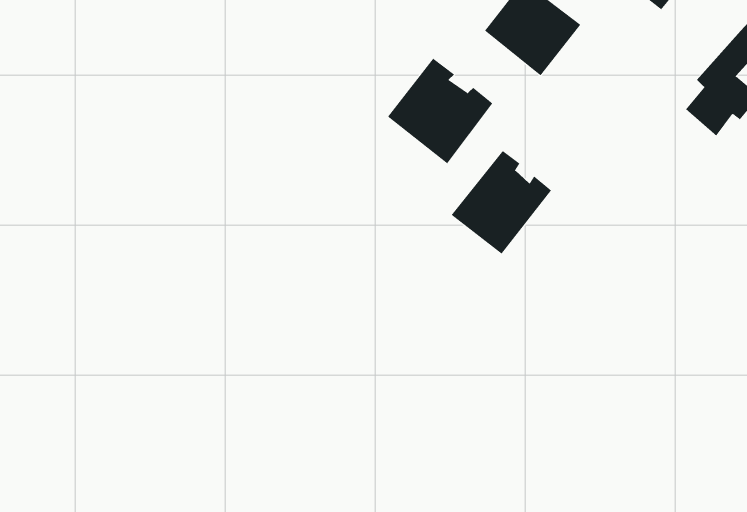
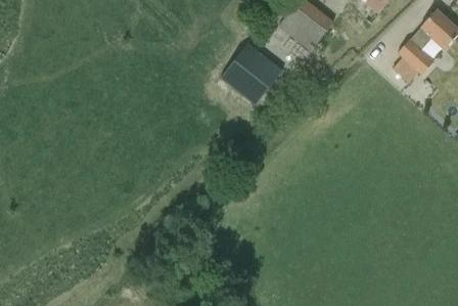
building: [451,150,552,254] -> none

